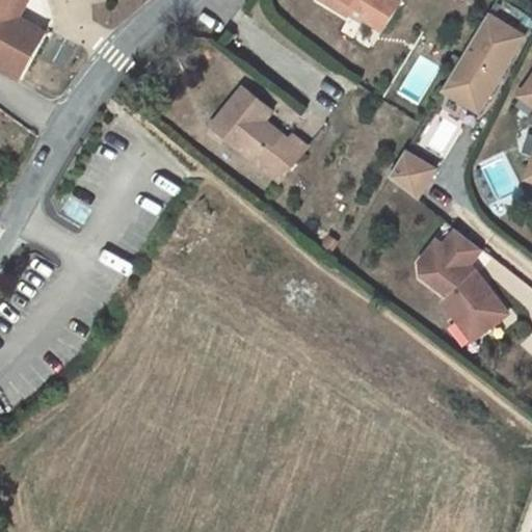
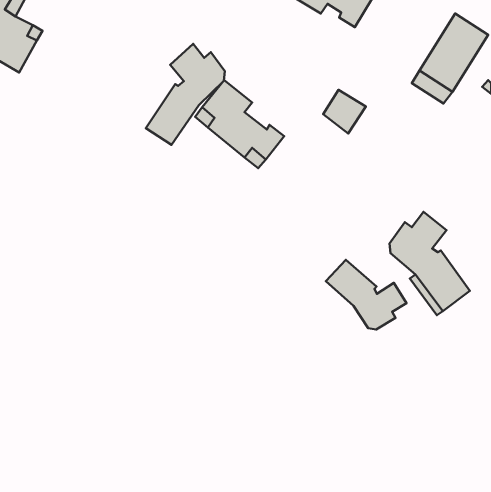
building: none -> [146,44,225,145]
building: [388,151,433,197] -> [323,90,366,133]
building: none -> [326,260,407,329]

